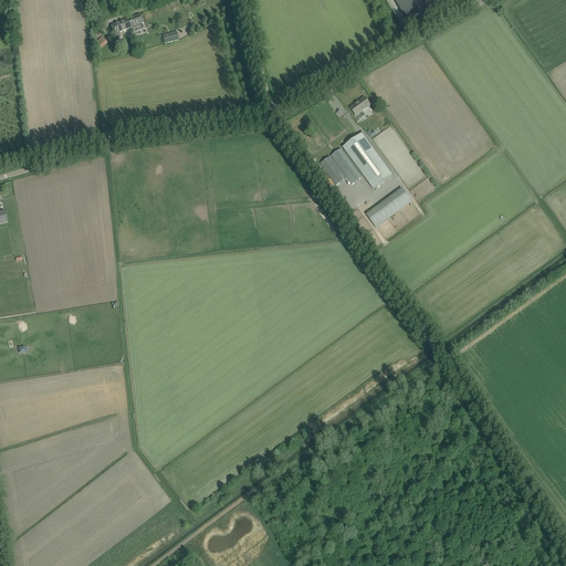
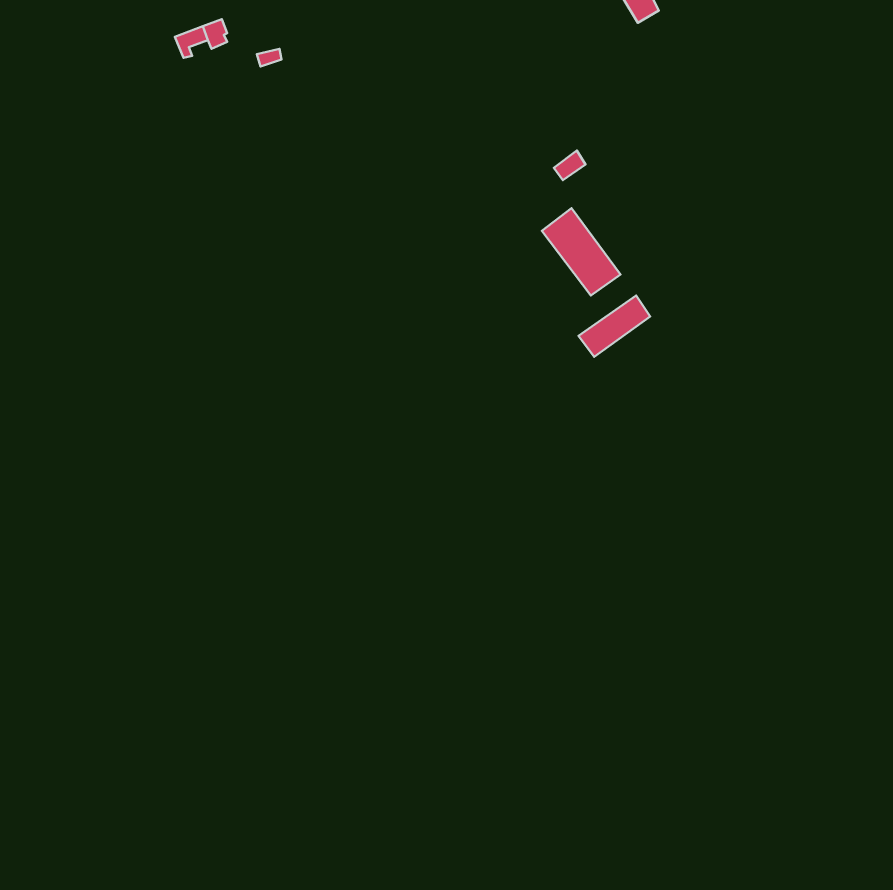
building: [321,147,361,184] -> none

